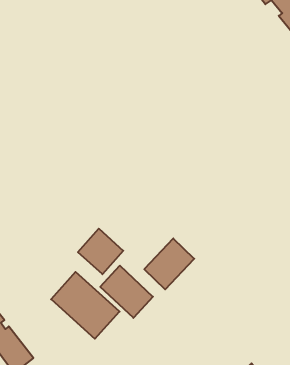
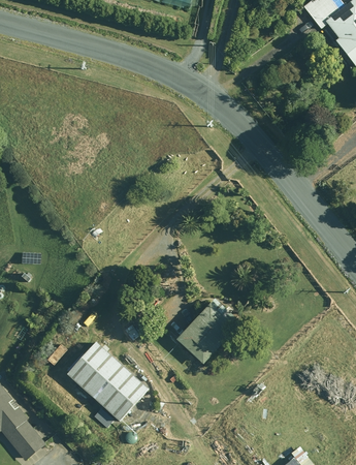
building: [78,229,123,274] -> none
building: [100,266,153,318] -> none

